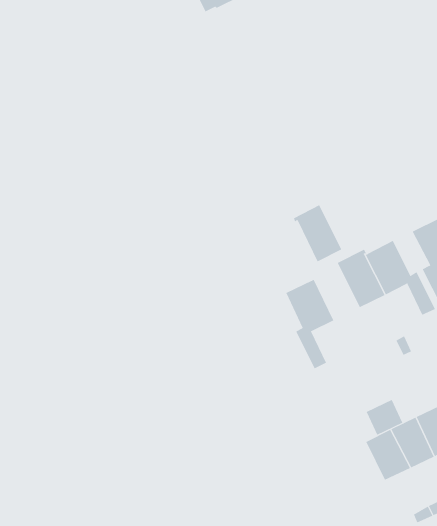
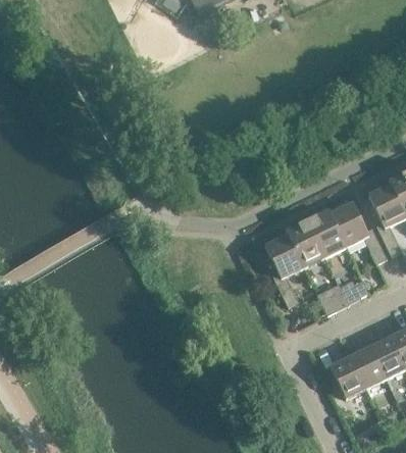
building: [293,204,342,262] -> [285,220,324,267]
building: [366,399,403,436] -> [317,286,348,315]

